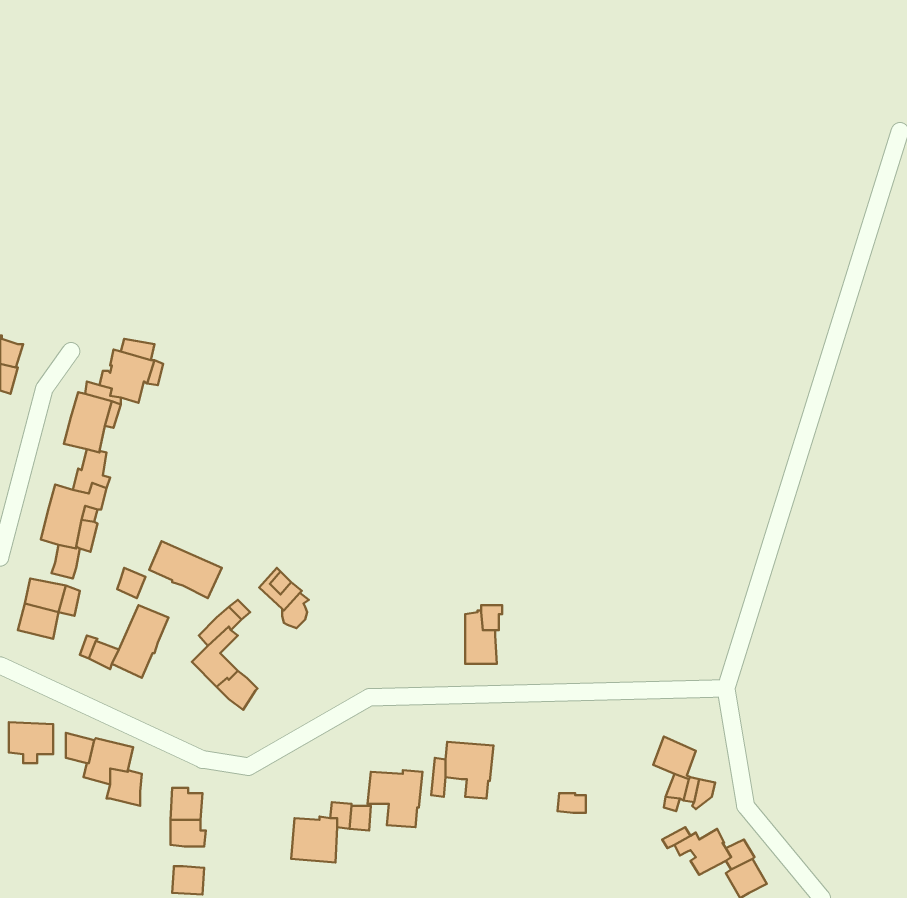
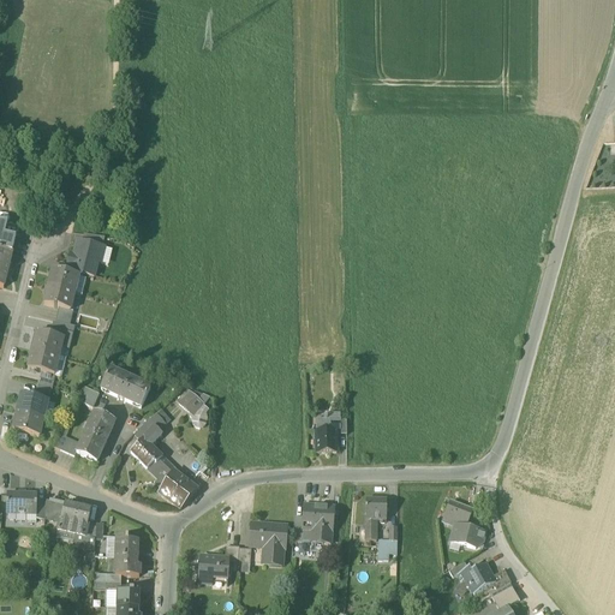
building: none -> [157,467,197,506]
building: none -> [364,496,386,537]

